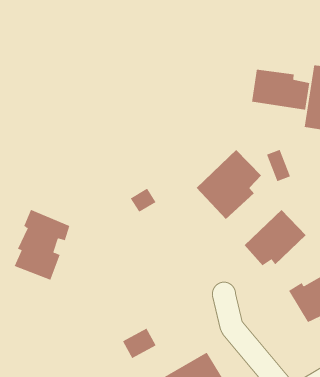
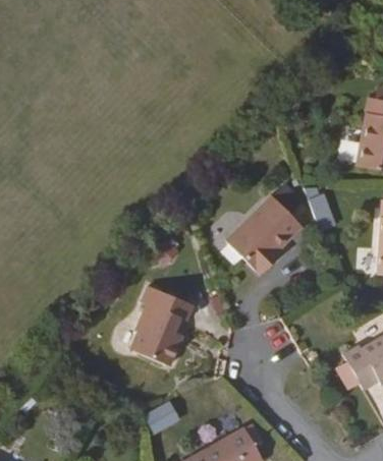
building: [252,69,310,111] -> none
building: [14,209,70,280] -> [130,281,196,363]
building: [244,209,307,266] -> none

